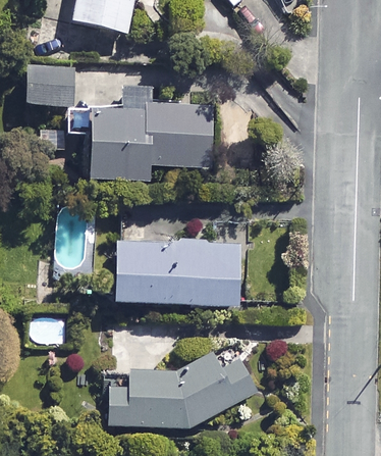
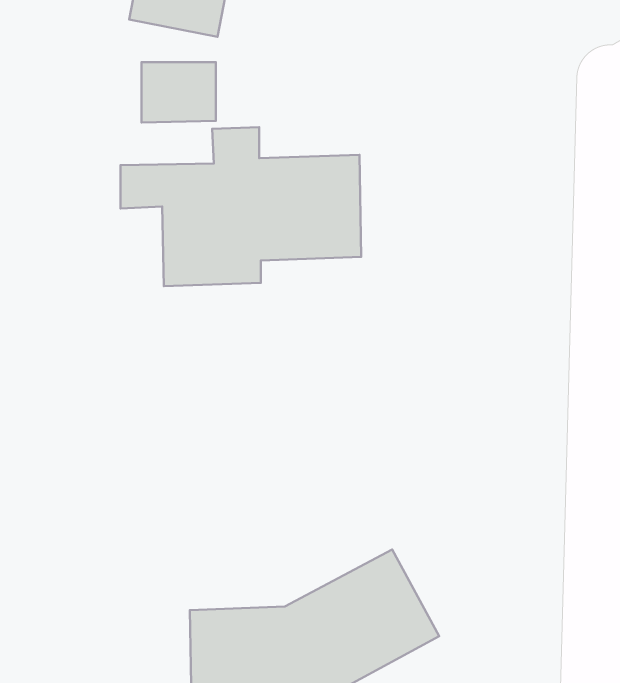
building: [31,71,74,107] -> [141,62,216,123]
building: [121,243,241,306] -> none

